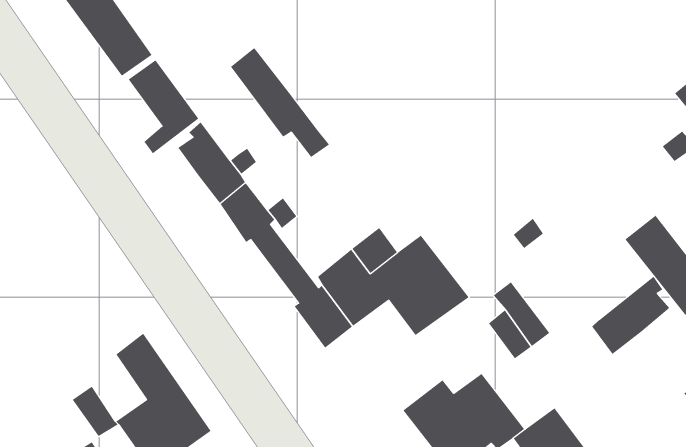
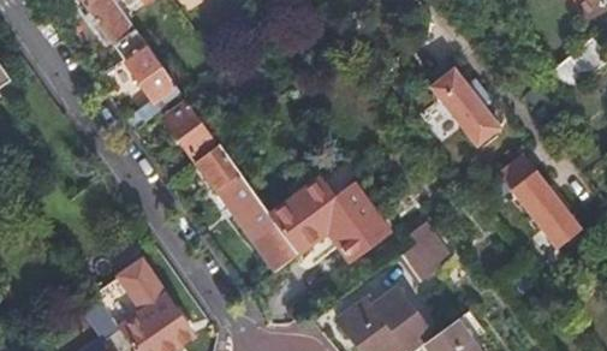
building: [230,47,330,158] -> none
building: none -> [433,69,500,143]
building: [592,276,670,355] -> none

